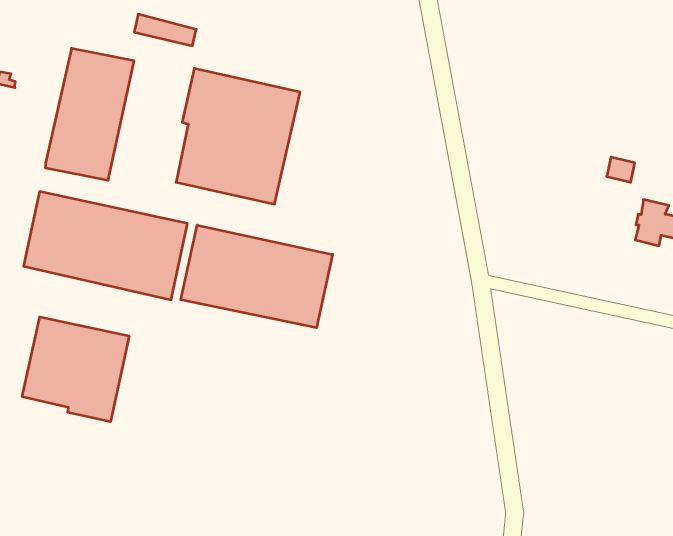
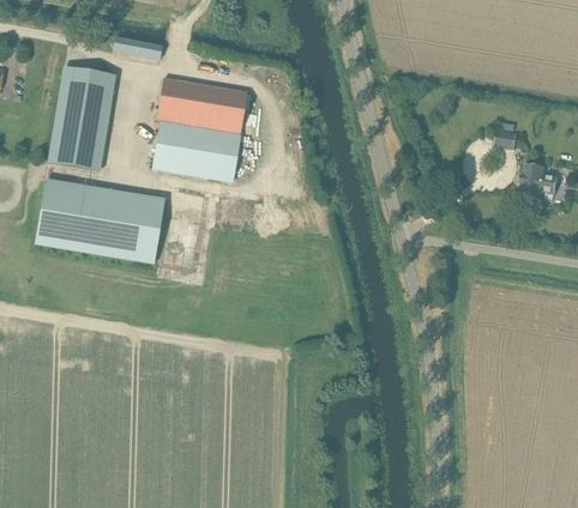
building: [181,225,333,328] -> none
building: [22,317,129,422] -> none

